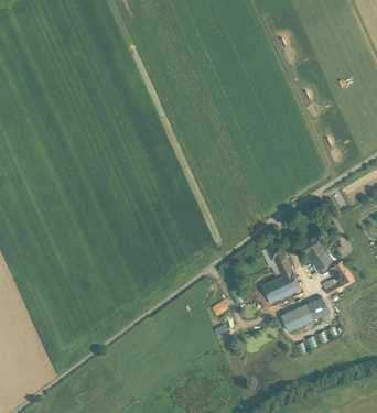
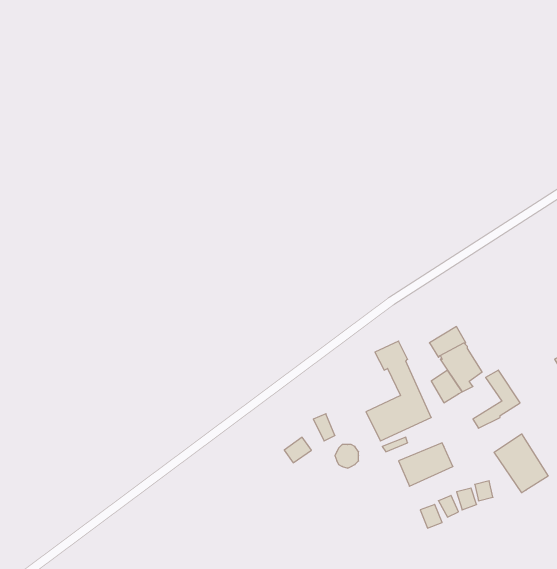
building: none -> [494,434,548,493]

